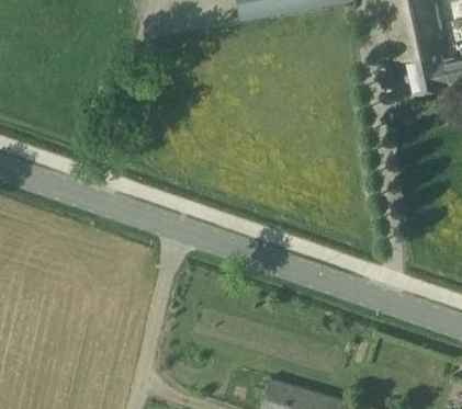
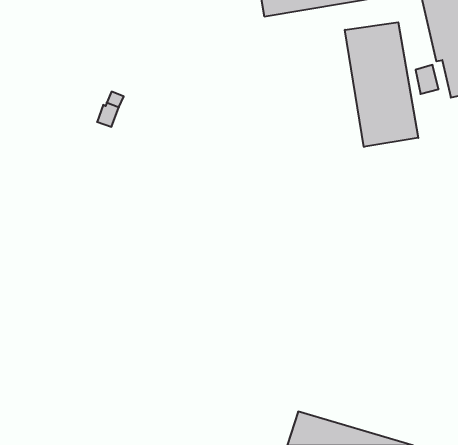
building: none -> [345,22,418,147]

